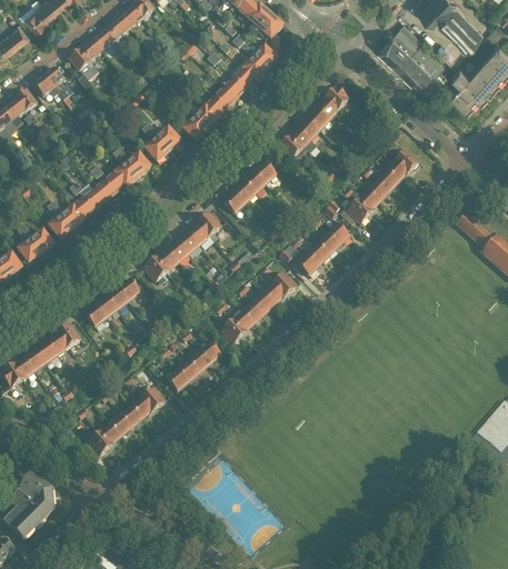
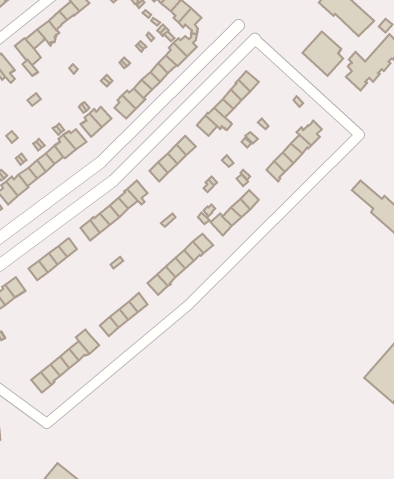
building: [380,22,422,66] -> none
building: [339,197,371,224] -> none

